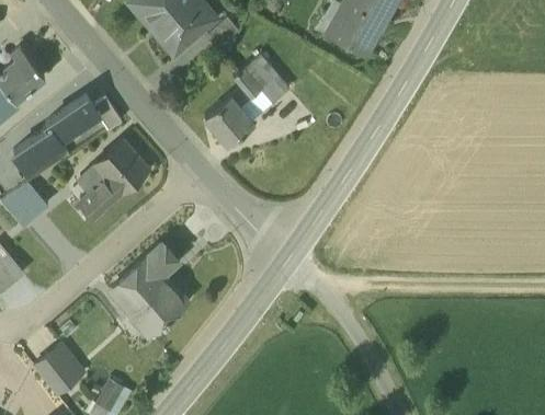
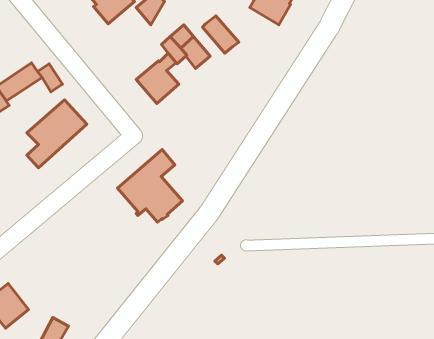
building: none -> [202,16,239,53]
building: [111,244,184,326] -> [118,149,183,222]

